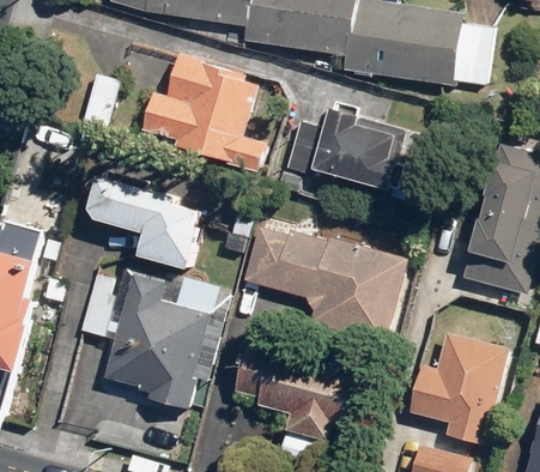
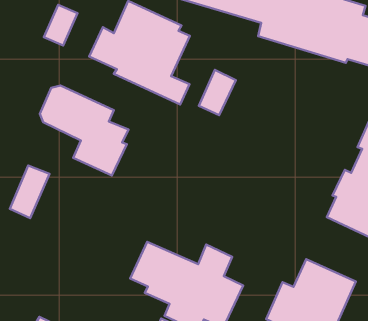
building: [316,105,401,190] -> none
building: [241,225,406,341] -> none
building: [102,273,210,409] -> none

